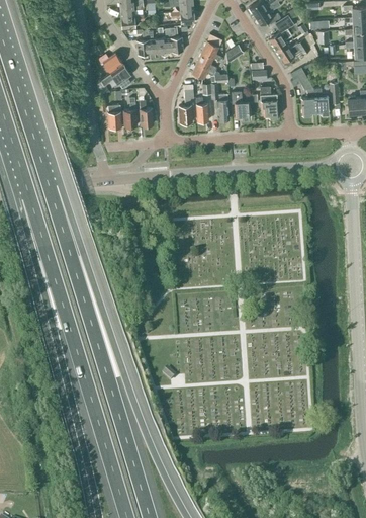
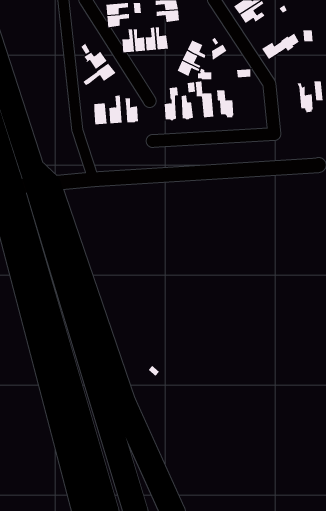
building: [269,15,293,51] -> none
building: [290,68,315,116] -> none
building: [259,86,277,118] -> none

